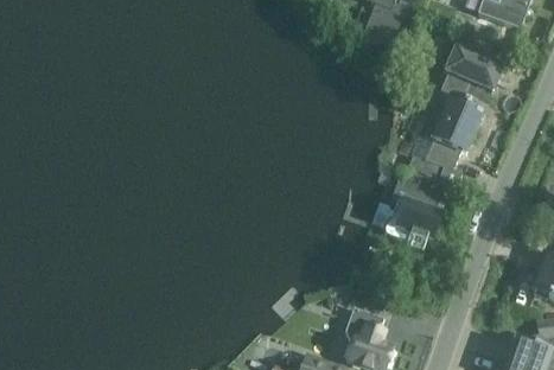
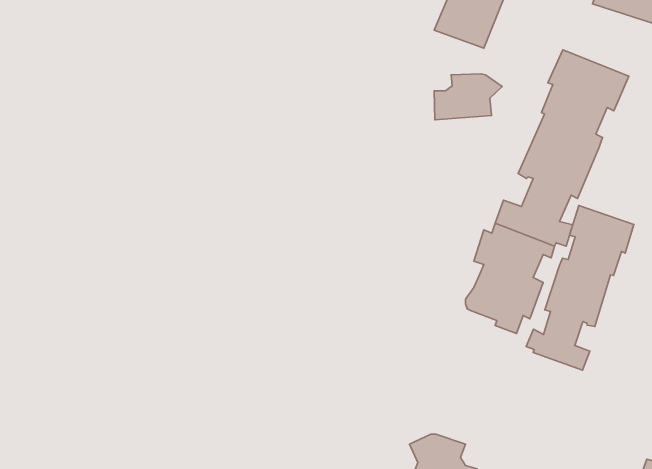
building: none -> [434,74,502,120]
building: none -> [526,205,634,370]

